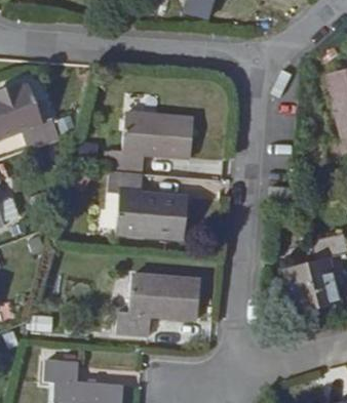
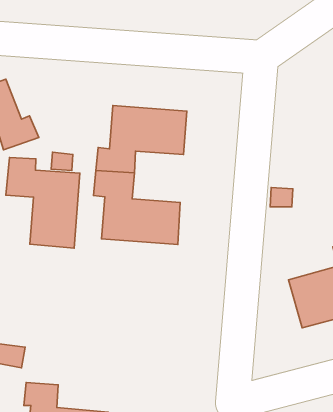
building: none -> [6,157,80,248]
building: [113,273,196,334] -> none

